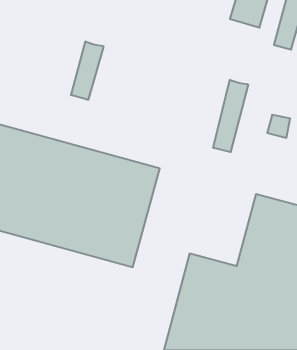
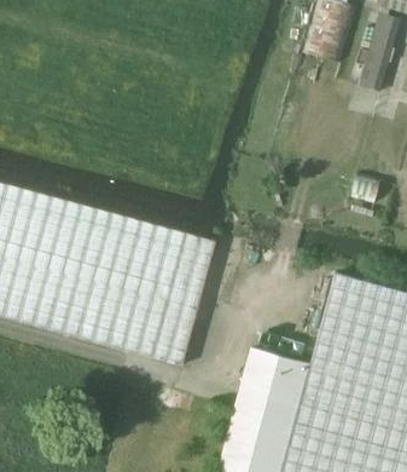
building: [71,41,103,100] -> none
building: [213,80,248,152] -> none

